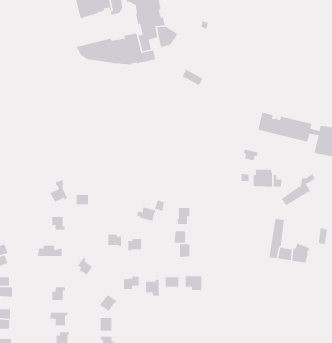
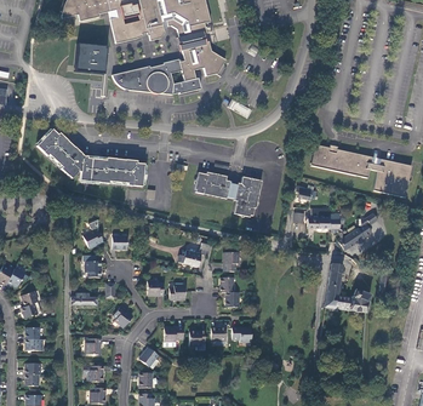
building: none -> [75,44,107,74]
building: none -> [36,128,144,185]
building: none -> [194,172,261,216]

